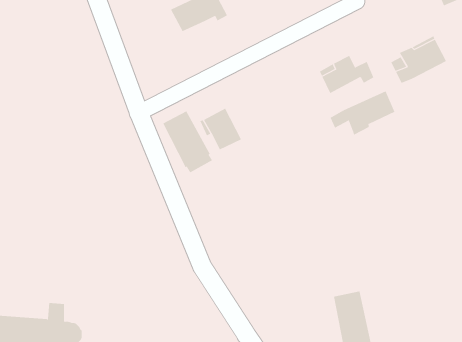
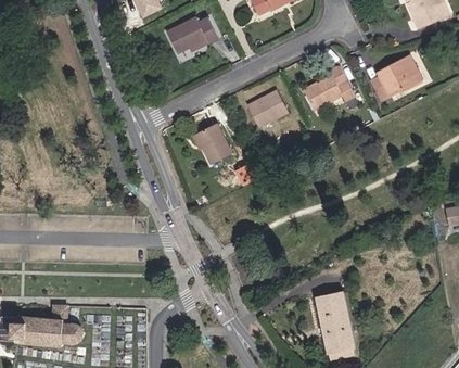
building: none -> [247,90,286,126]
building: [330,91,395,135] -> none
building: [162,111,213,173] -> none

